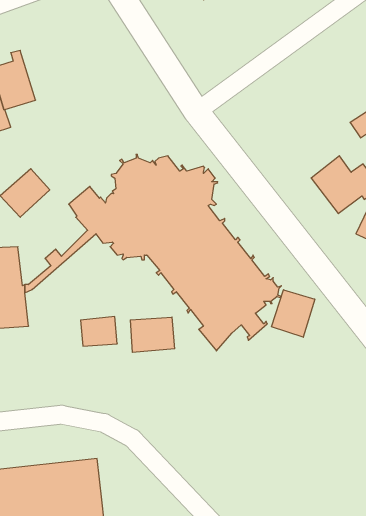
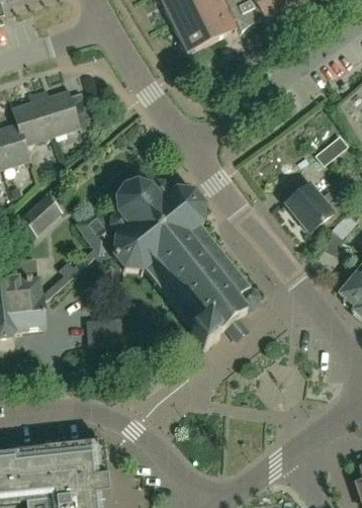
building: none -> [36,89,78,135]
building: [272,290,315,337] -> none
building: [130,317,175,352] -> none

